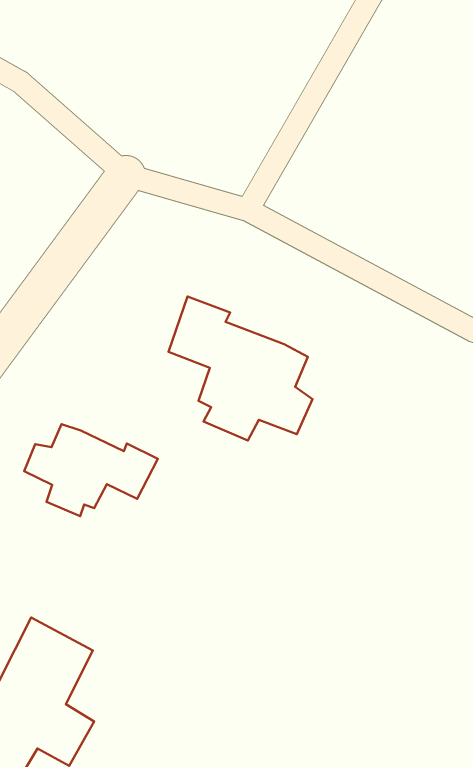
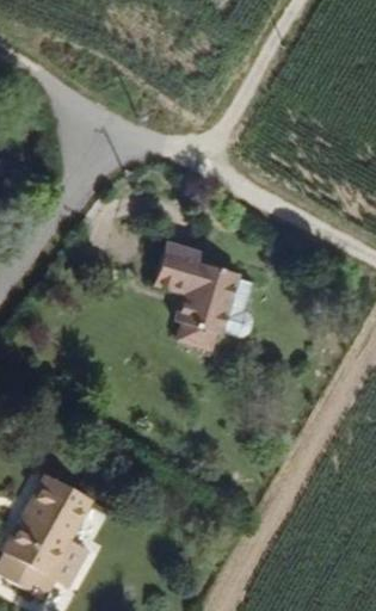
building: [24,424,158,516] -> none

